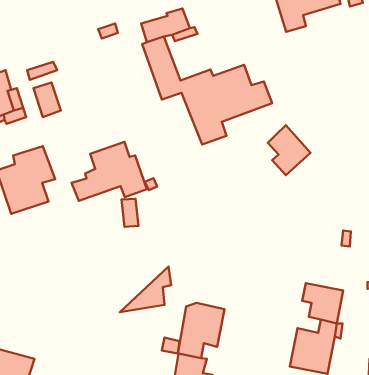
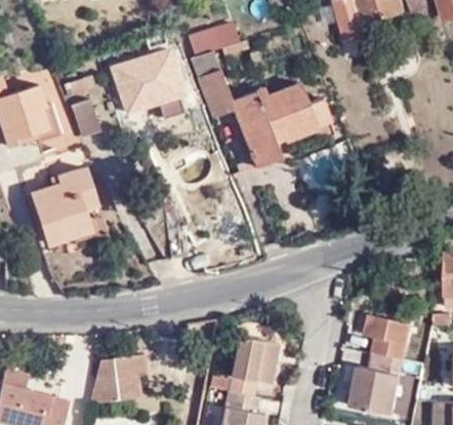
building: none -> [109,48,178,112]
building: [268,125,311,175] -> none
building: [71,142,147,201] -> none
building: [120,266,171,312] -> [90,353,147,403]

